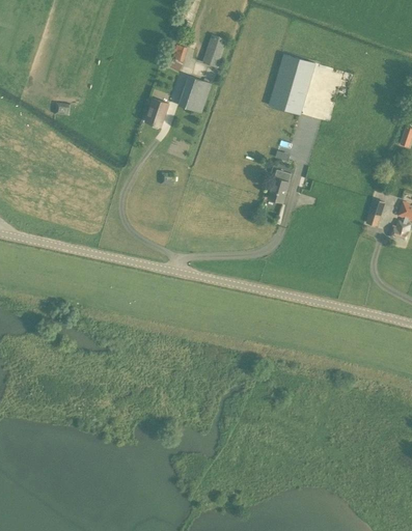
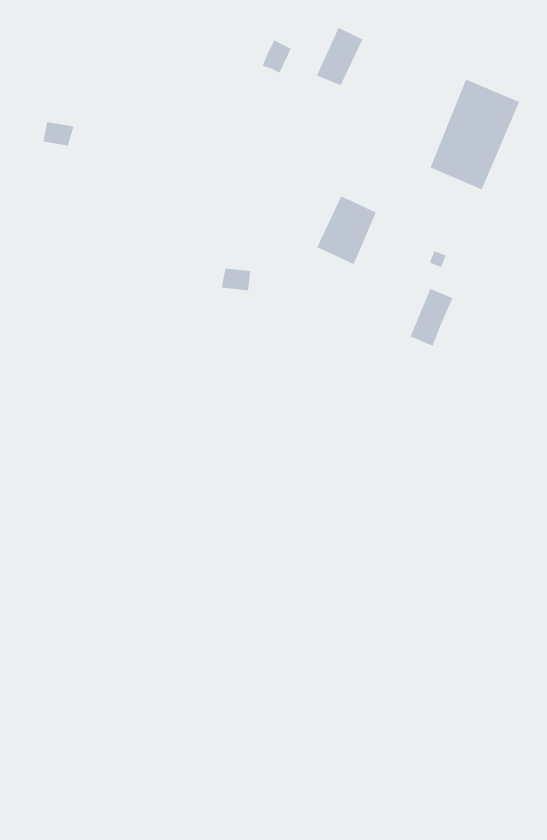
building: [178,75,210,112] -> [316,195,377,265]
building: [144,97,167,127] -> none

